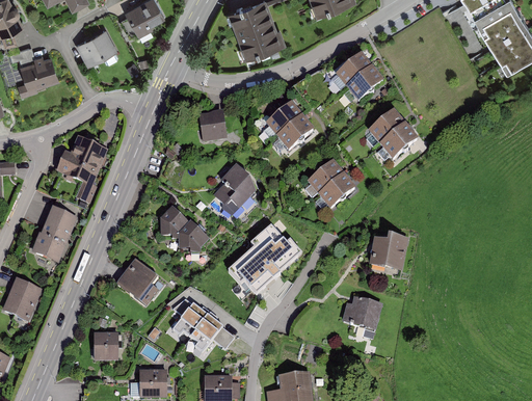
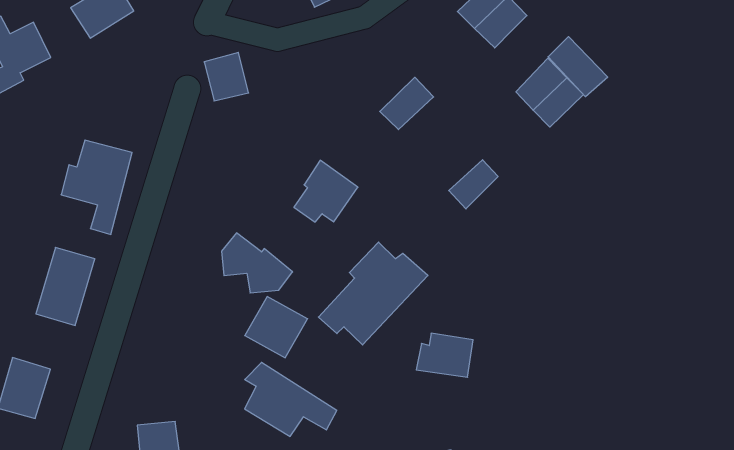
building: none -> [548,37,608,97]
building: [270,103,305,136] -> none
building: [198,107,227,138] -> [204,52,249,101]
building: [311,162,346,194] -> none
building: [368,231,402,268] -> none
building: [115,259,159,301] -> [245,297,308,358]
building: [338,295,378,327] -> [416,333,473,377]

